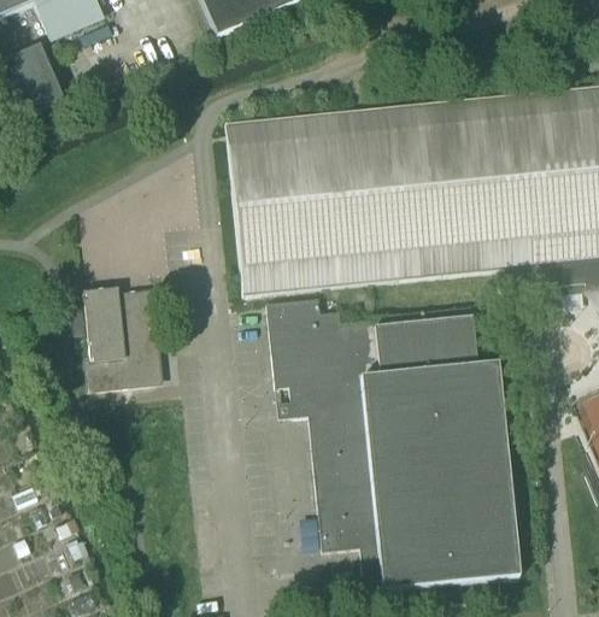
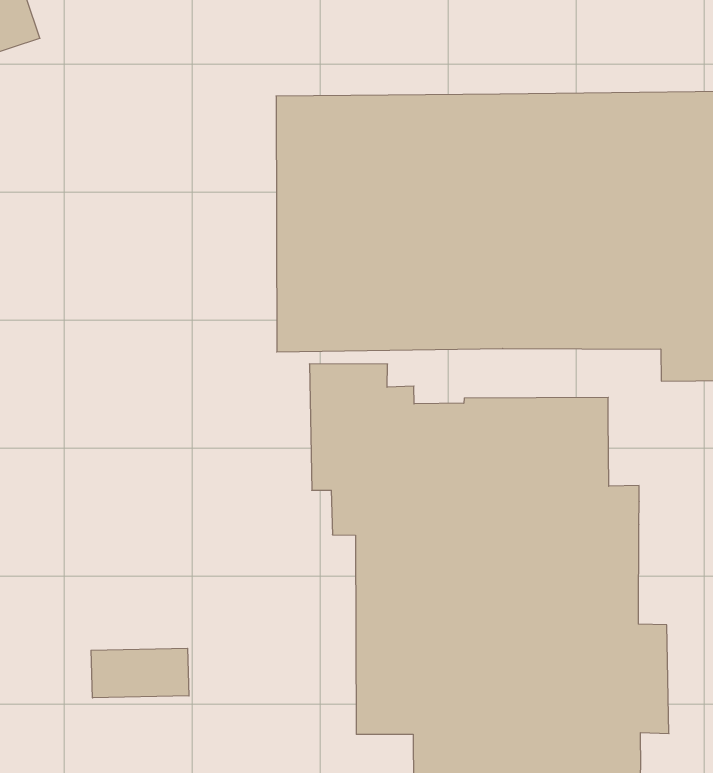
building: [83,287,158,389] -> none
building: none -> [91,648,189,698]

